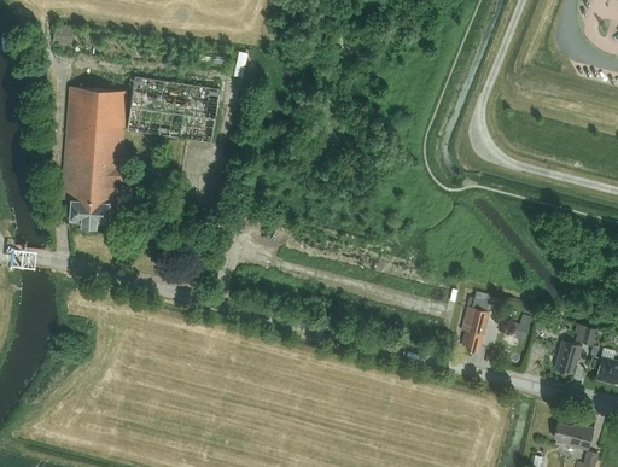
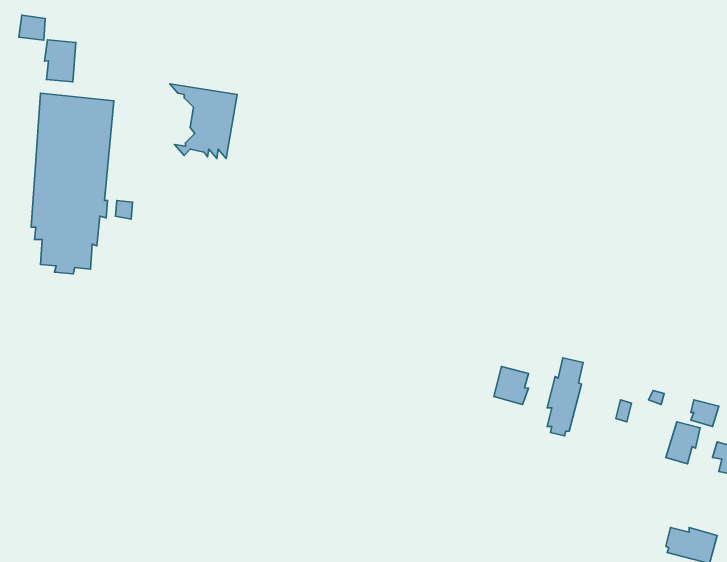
building: none -> [44,40,76,82]
building: none -> [494,366,529,405]

